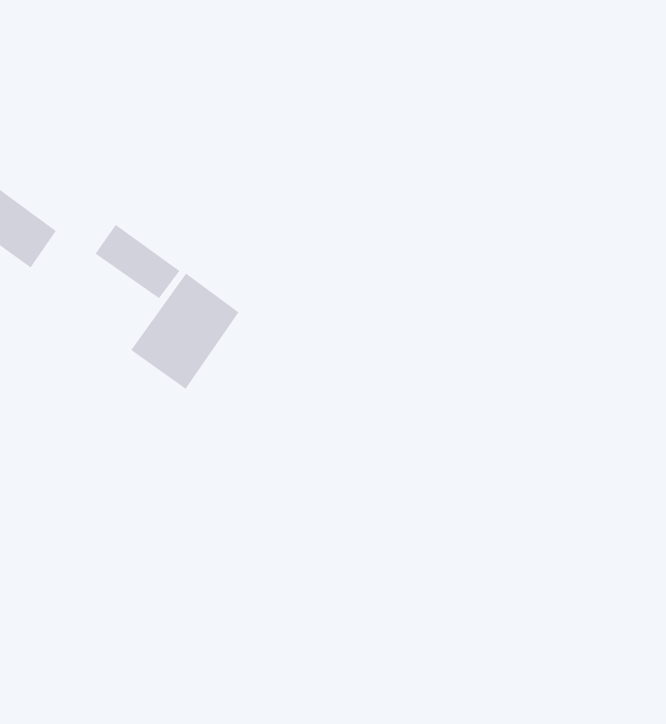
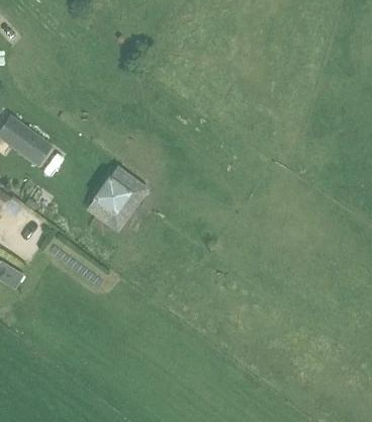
building: [94,224,181,299] -> none

